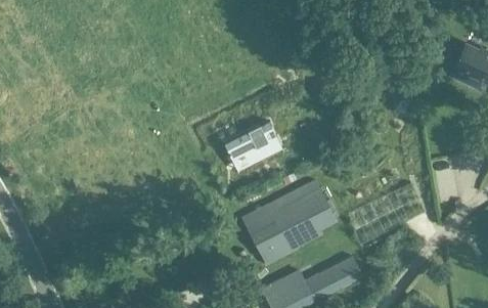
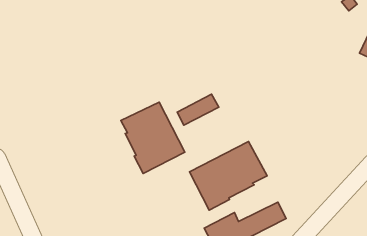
building: none -> [121,102,185,173]

